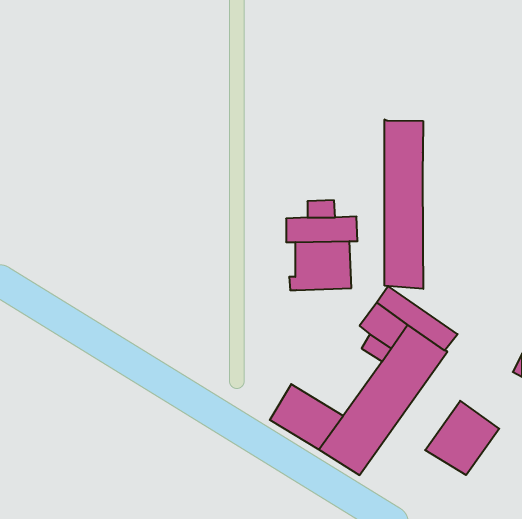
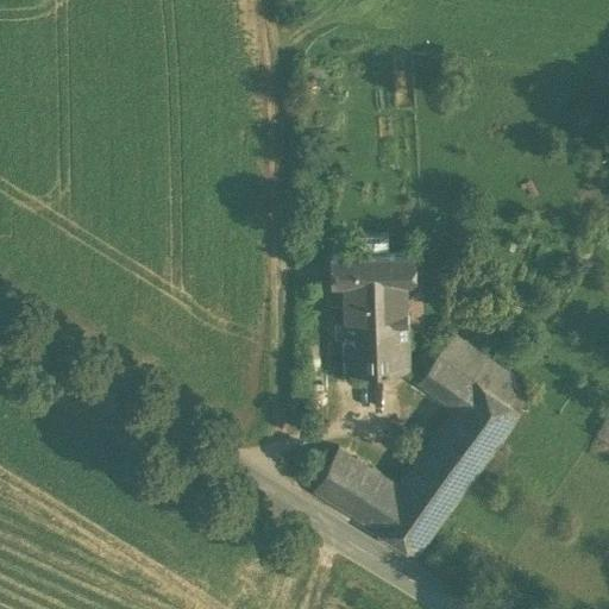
building: [385,119,423,289] -> none
building: none -> [345,339,410,375]
building: [425,401,499,475] -> none

